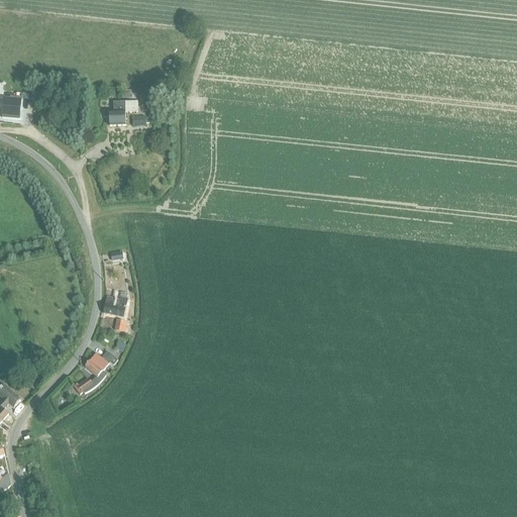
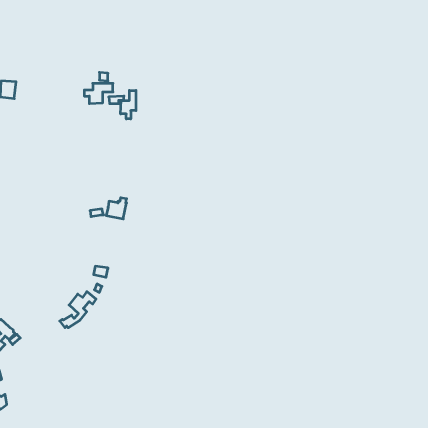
building: none -> [121,90,136,119]
building: [101,291,125,316] -> [106,198,127,219]

